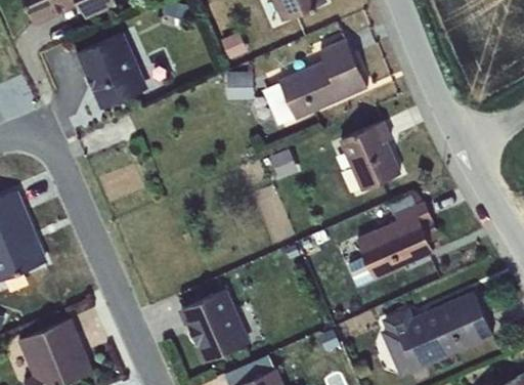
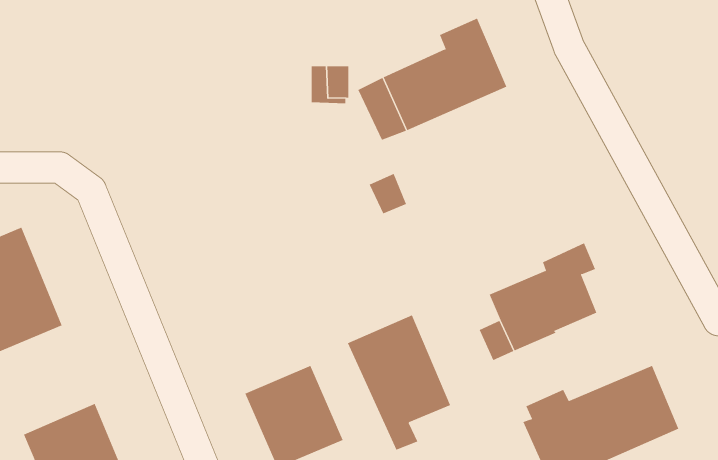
building: [77,33,147,110] -> none
building: [339,120,401,191] -> none
building: none -> [347,315,451,450]

